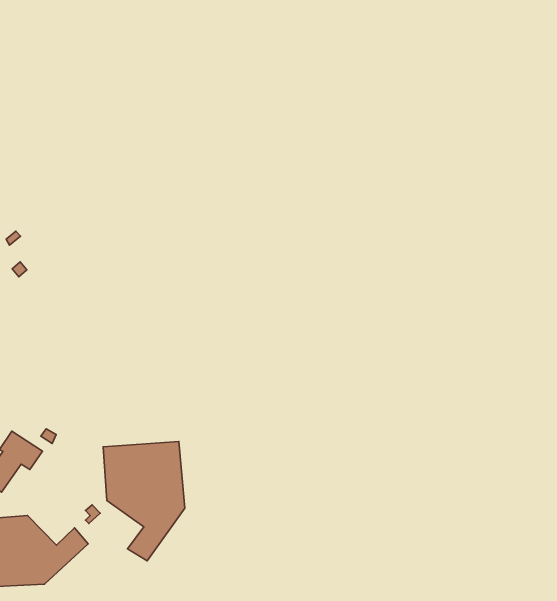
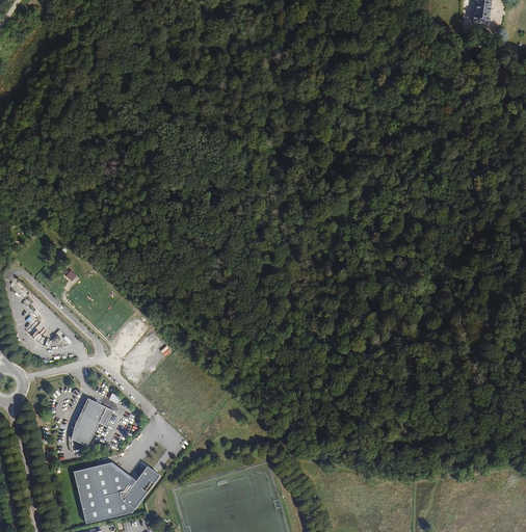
building: [103,442,185,561] -> none

